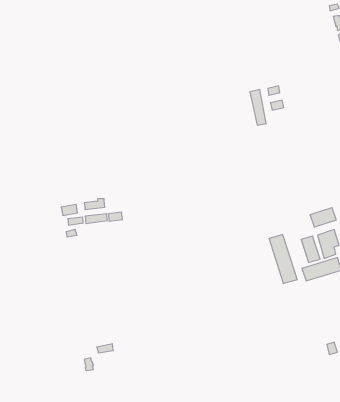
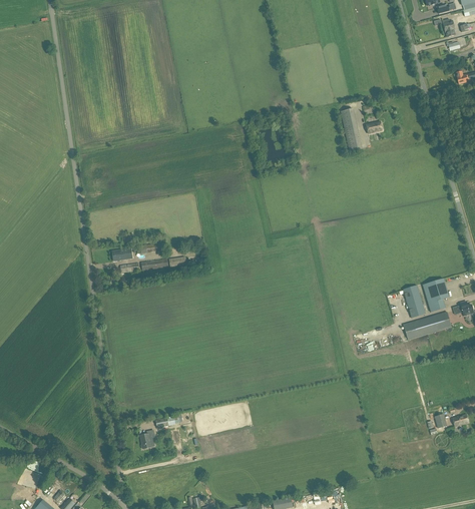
building: [310,208,336,227] -> none
building: [269,234,297,284] -> none

